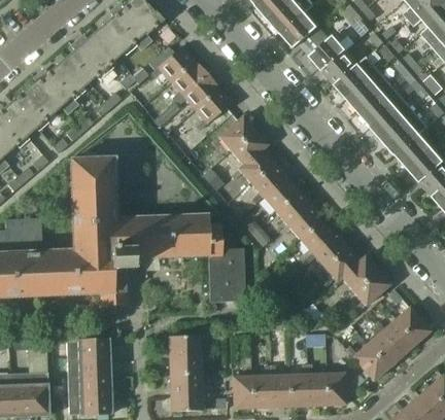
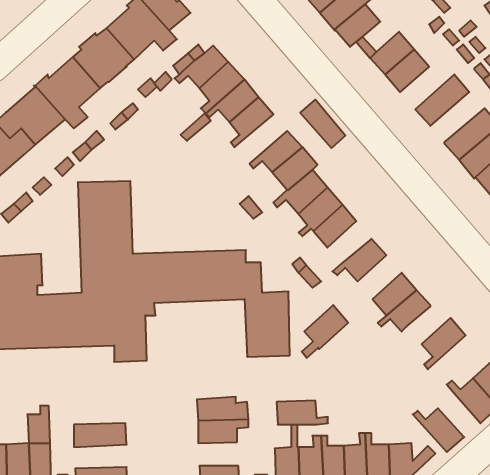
building: [335,58,379,100] -> none
building: [360,85,404,127] -> none
building: none -> [300,100,345,148]
building: [275,191,311,226] -> none
building: [298,219,336,262] -> [302,305,348,358]
building: [340,256,376,292] -> none
building: [366,325,401,369] -> none
building: [66,340,109,358] -> none
building: [169,373,211,392] -> [277,401,328,425]
building: [67,375,110,394] -> none

